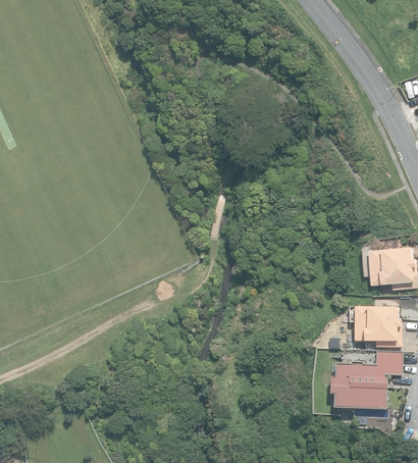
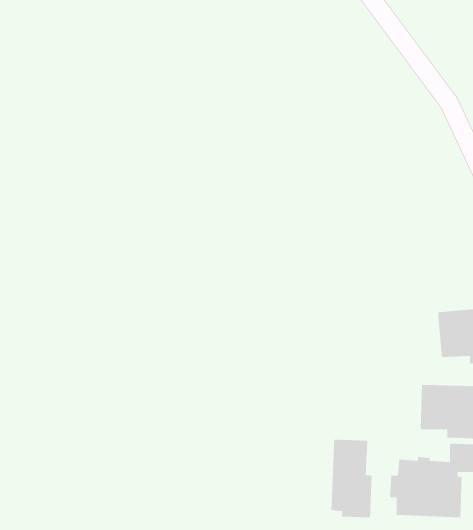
building: none -> [331,439,372,518]

